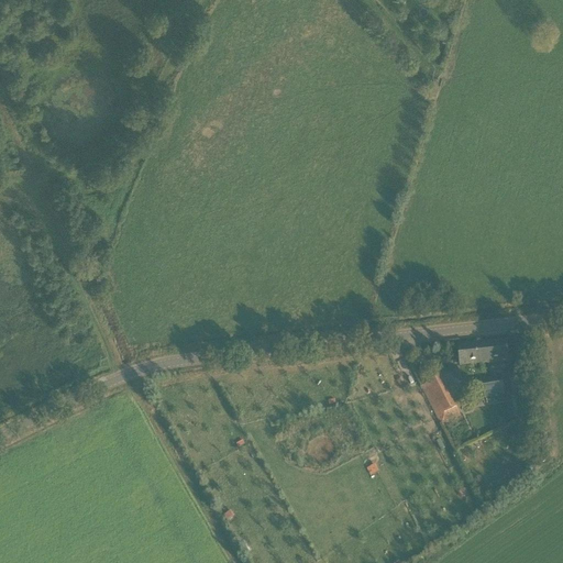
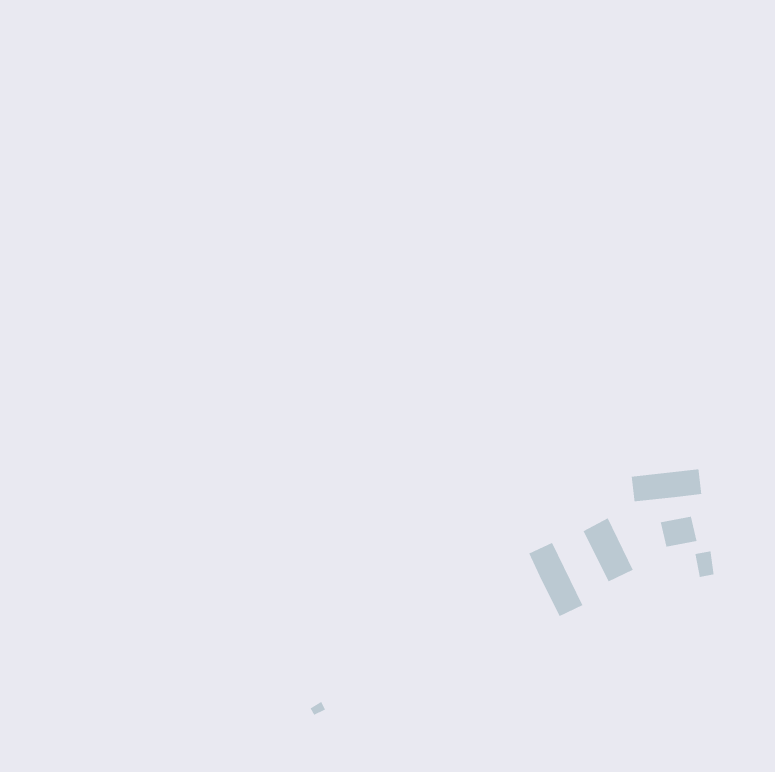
building: none -> [528,542,584,617]

